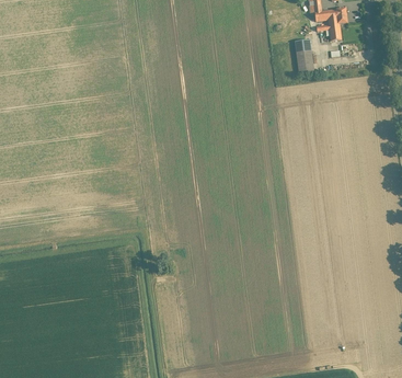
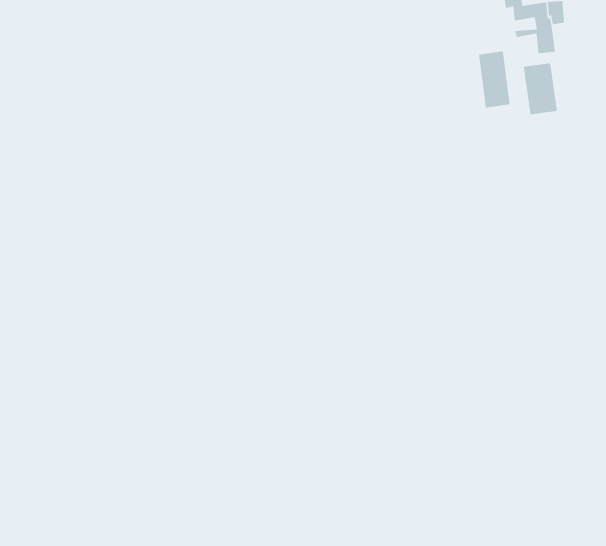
building: none -> [523,62,558,115]

